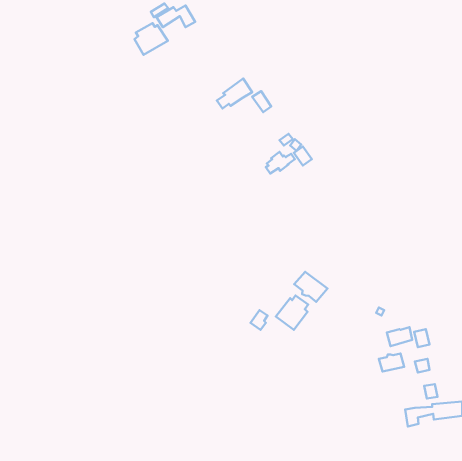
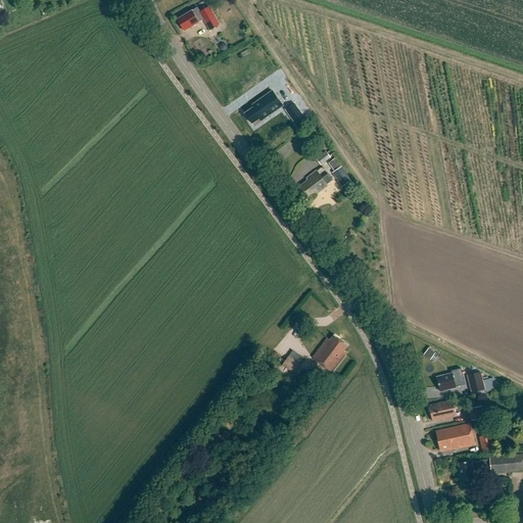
building: [134,23,168,55] -> none
building: [294,272,327,302] -> none
building: none -> [436,425,474,450]

